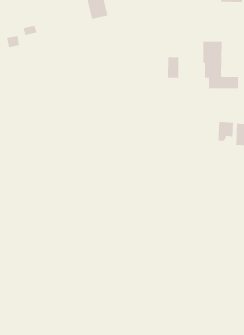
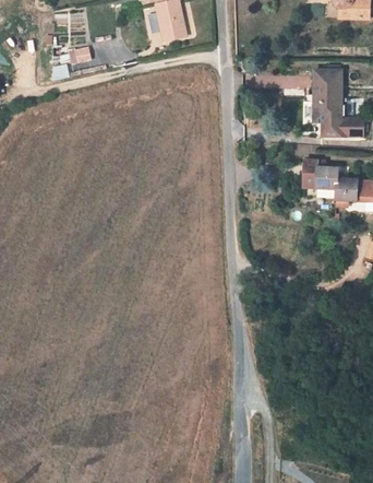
building: [167,57,179,79] -> none
building: none -> [302,160,337,196]

